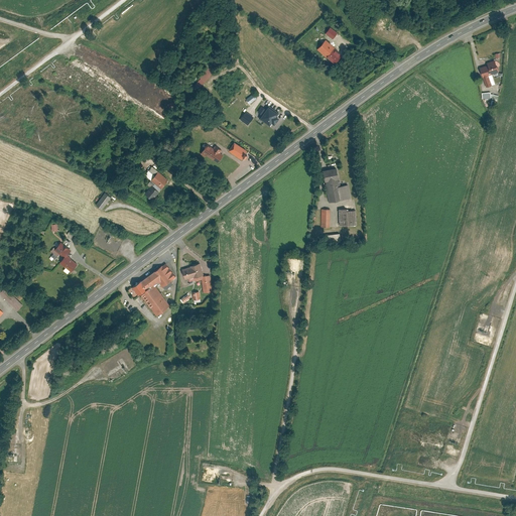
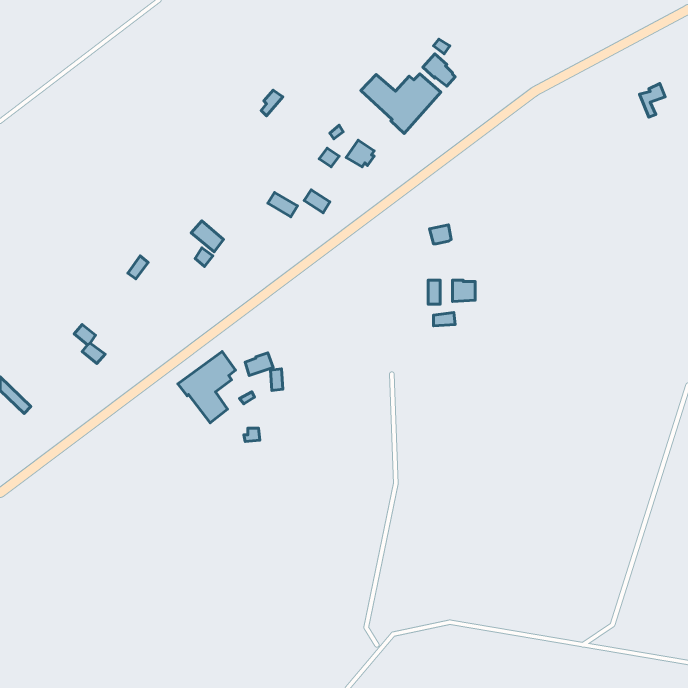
building: none -> [361,74,441,133]
building: [326,180,350,203] -> none

